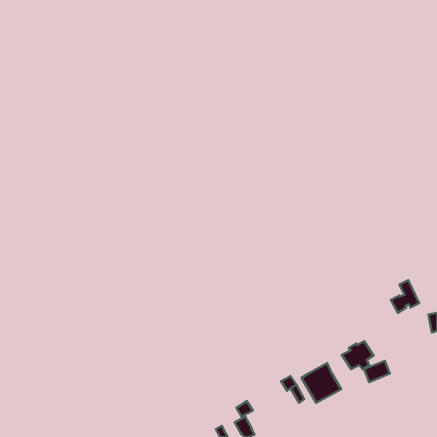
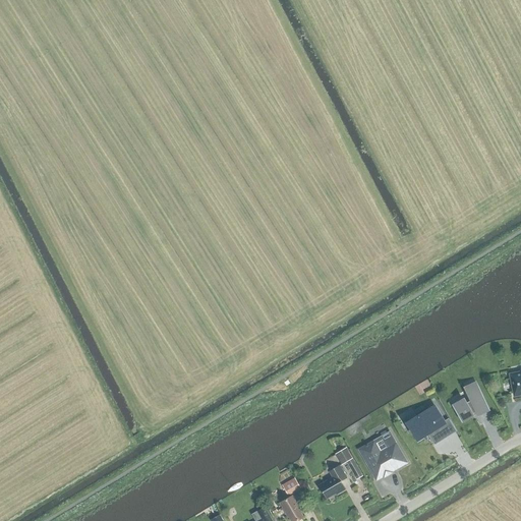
building: [391,280,419,313] -> [454,383,487,421]
building: none -> [317,464,346,498]

